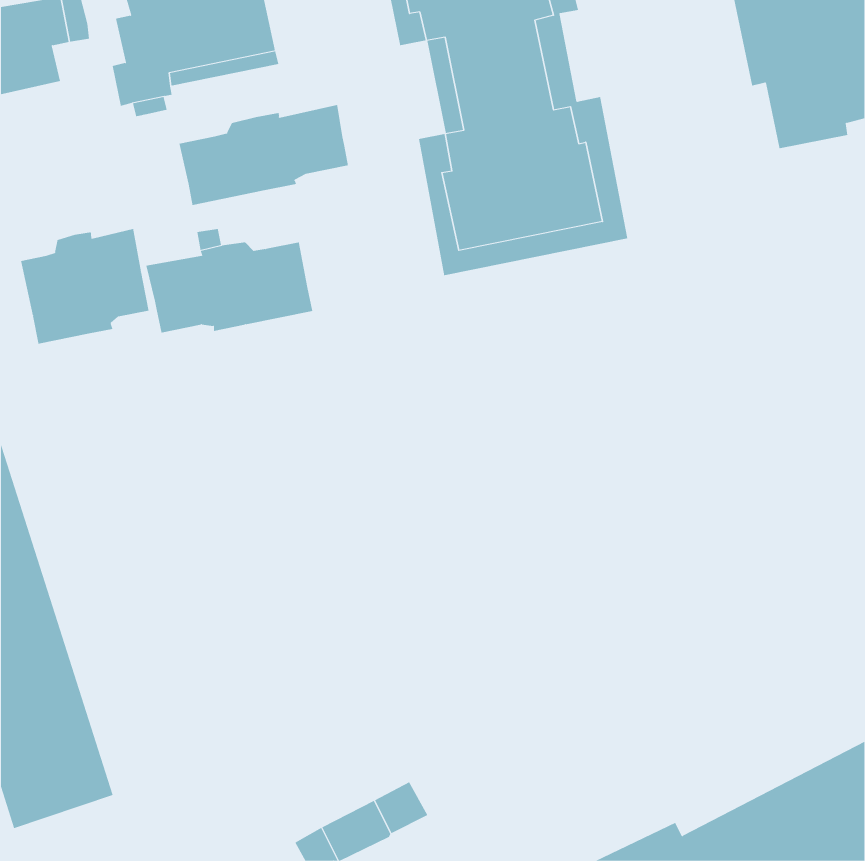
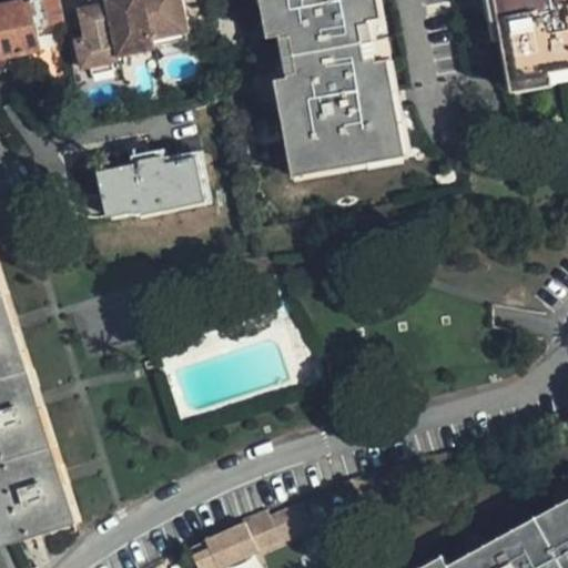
building: [179,104,349,206] -> none
building: [21,228,149,345] -> none

